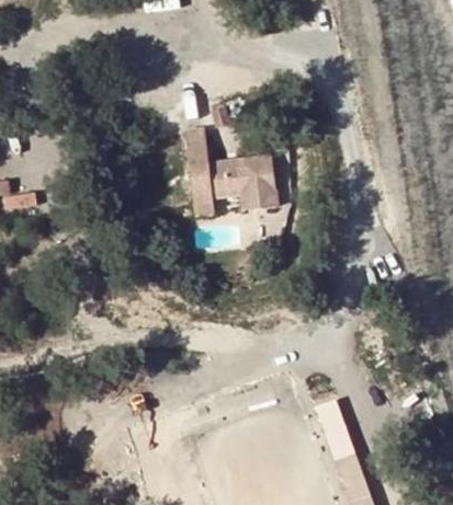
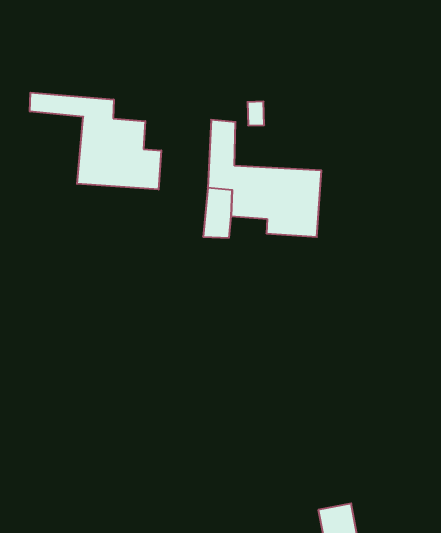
building: none -> [30,93,161,190]

